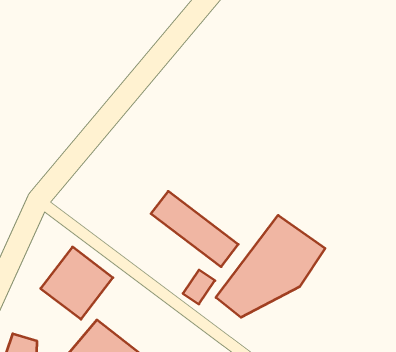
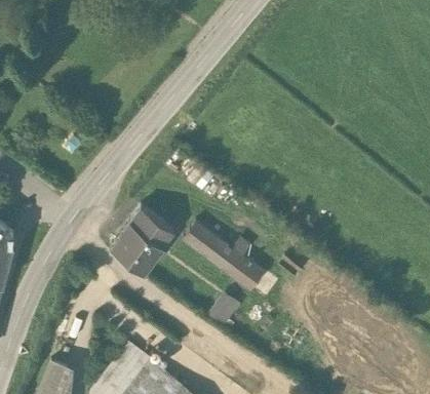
building: [216,215,325,317] -> none
building: [41,247,113,319] -> [107,201,177,271]

